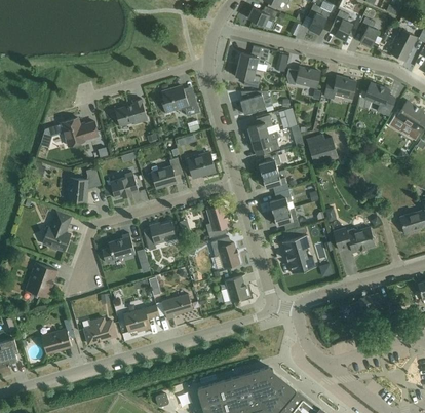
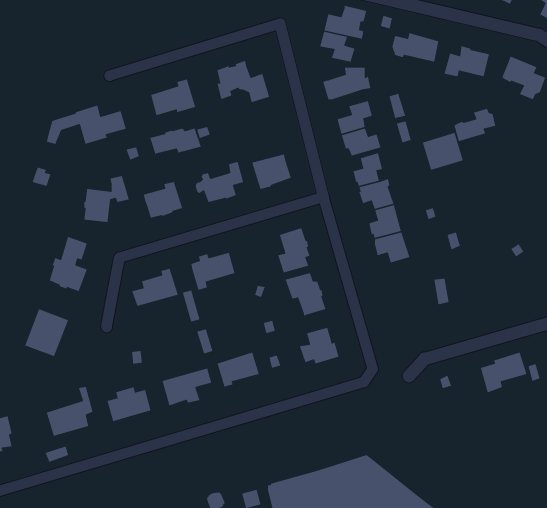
building: none -> [454,108,496,142]
building: none -> [149,128,202,156]
building: [334,227,375,252] -> none
building: [282,235,315,273] -> none

